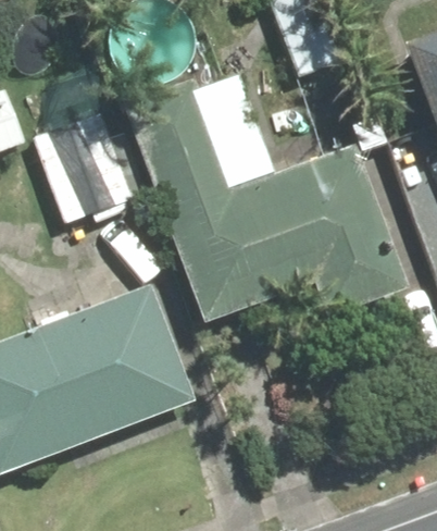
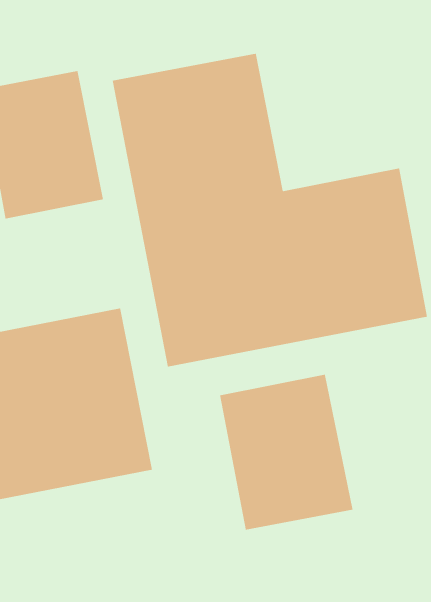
building: none -> [219,374,353,531]

